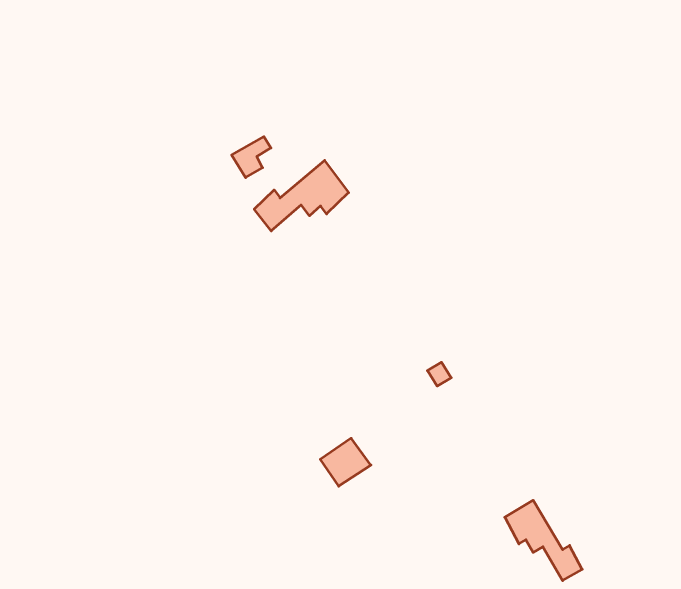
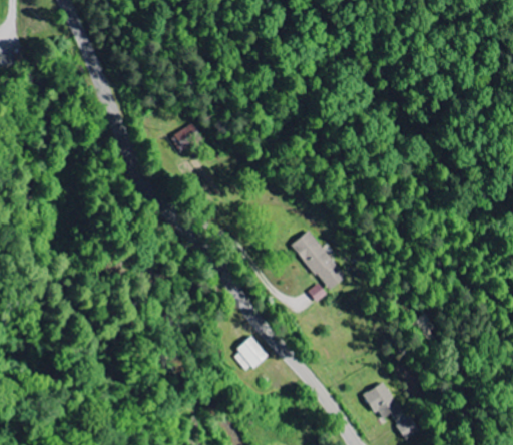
building: [254,160,349,231] -> none
building: none -> [292,230,346,290]

